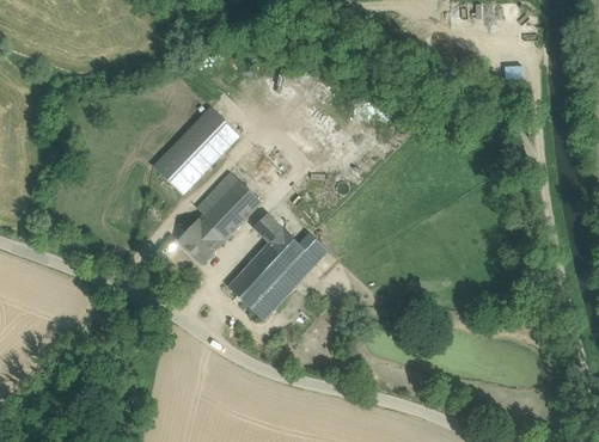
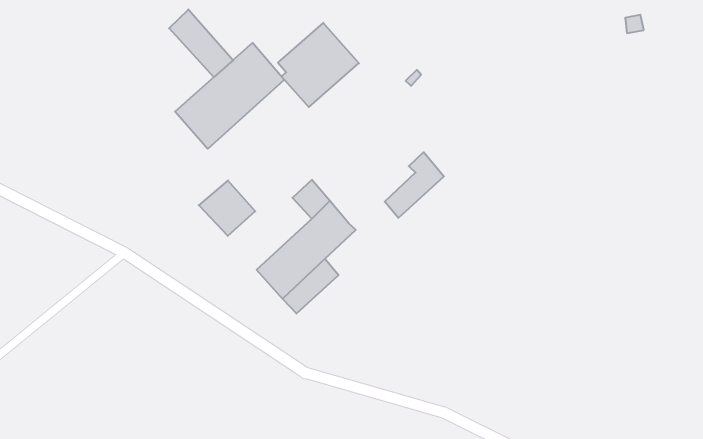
building: none -> [169,9,233,77]
building: [196,172,261,240] -> [278,23,359,107]
building: [282,232,328,286] -> [385,152,444,218]

